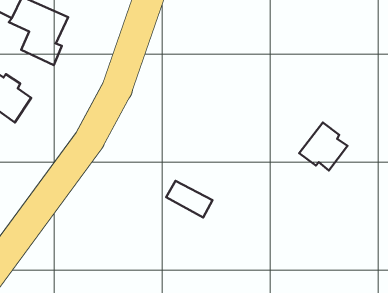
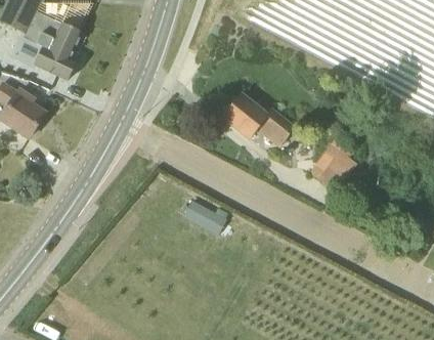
building: none -> [223,93,295,144]

